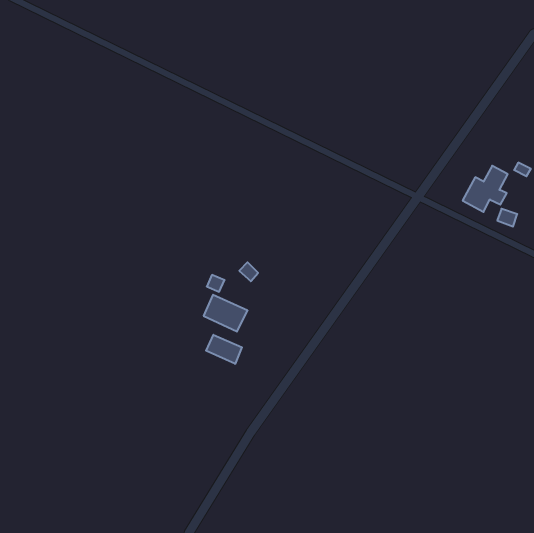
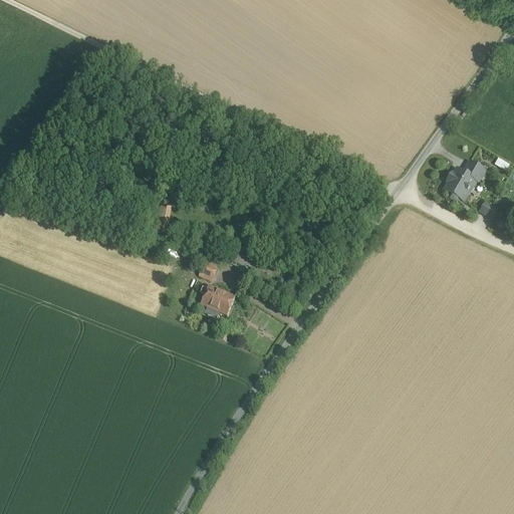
building: [206,335,242,364] -> none

